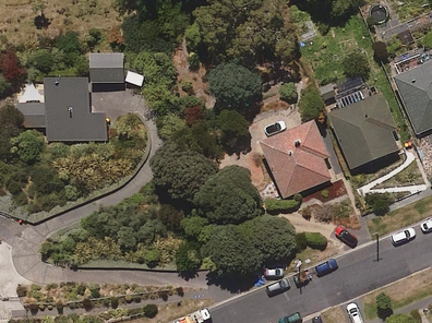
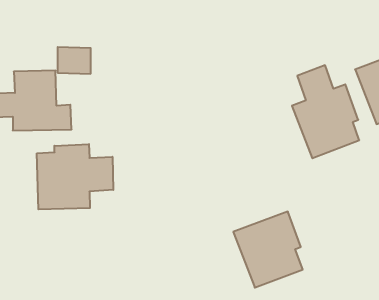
building: [260,120,331,198] -> [233,212,303,288]
building: none -> [37,144,113,209]

